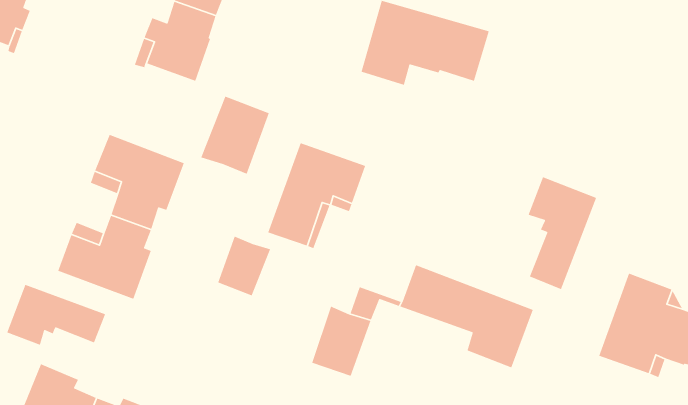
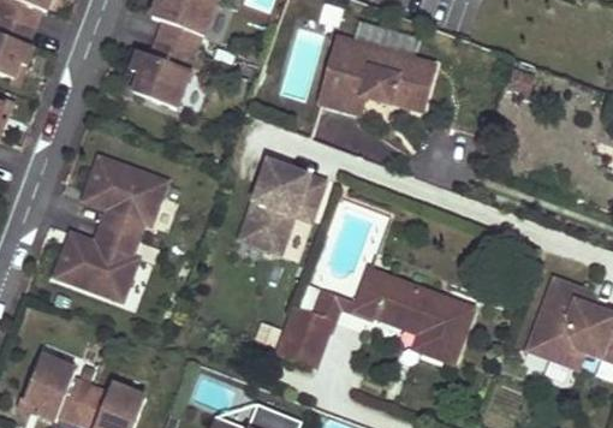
building: [200,95,270,175] -> none
building: [527,176,597,290] -> none
building: [217,236,271,296] -> none
building: [6,284,106,346] -> none

